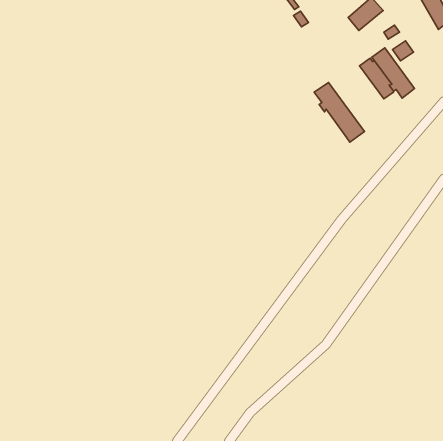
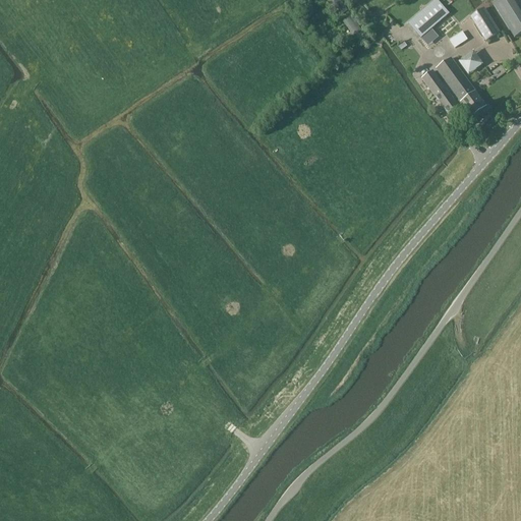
building: none -> [472,5,502,38]
building: [314,83,365,142] -> none

